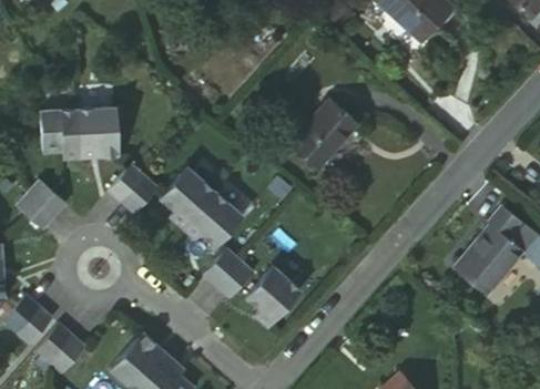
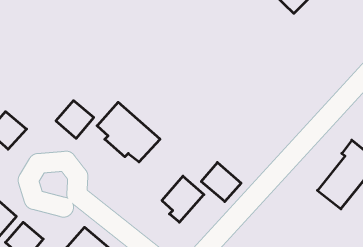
building: [286,96,353,163] -> none
building: [40,106,119,160] -> none
building: none -> [201,162,241,202]
building: [202,247,252,297] -> none

